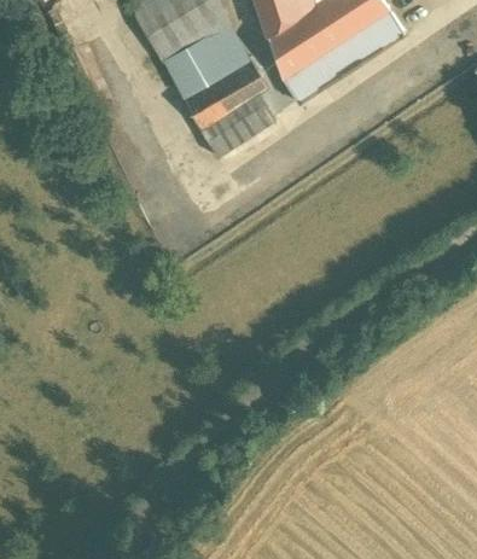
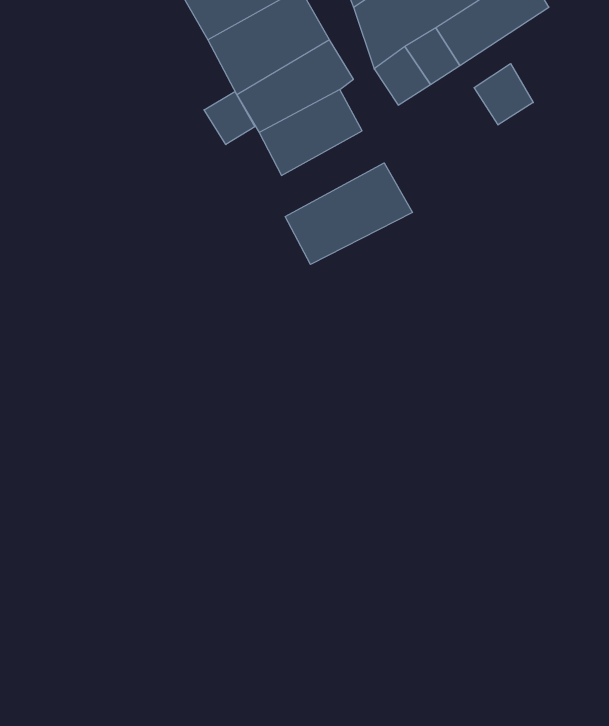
building: none -> [474,64,533,125]
building: none -> [204,91,255,145]
building: none -> [285,163,412,264]

